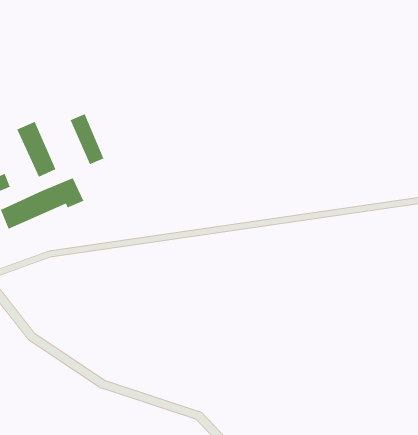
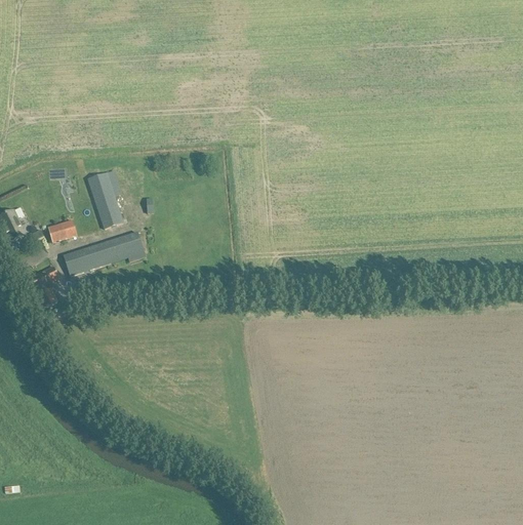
building: [70,113,104,165] -> none

